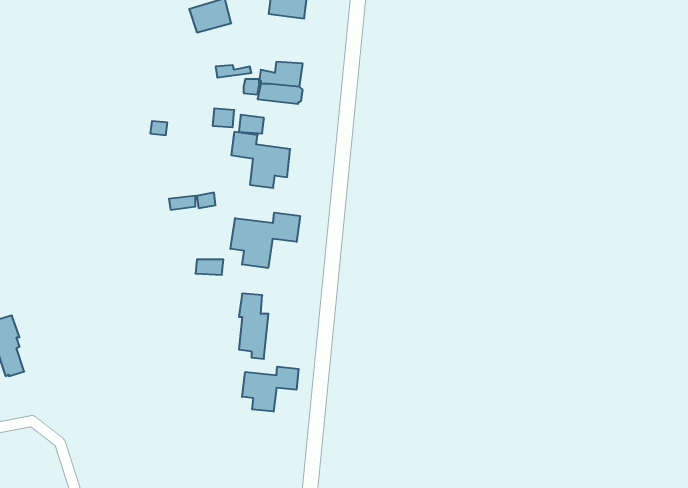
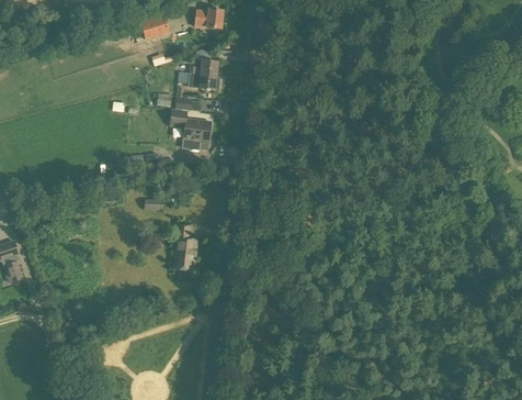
building: [230,213,300,268] -> none
building: [242,367,299,412] -> none

